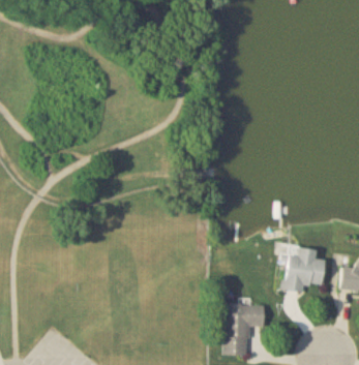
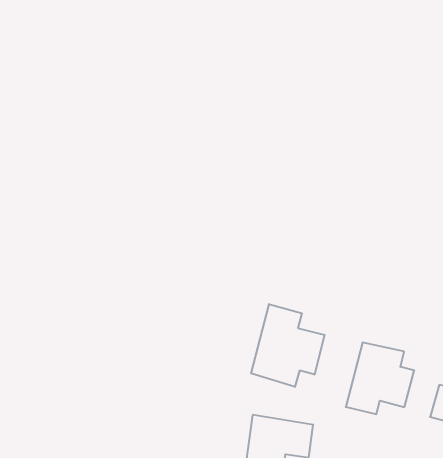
building: none -> [251,304,325,387]

